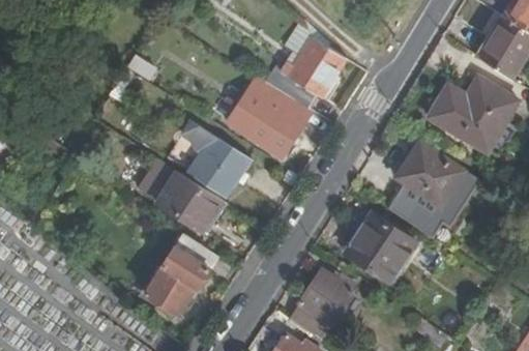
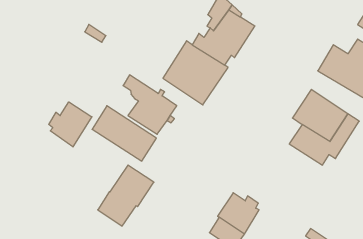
building: none -> [49,102,92,147]
building: [349,214,415,282] -> none

